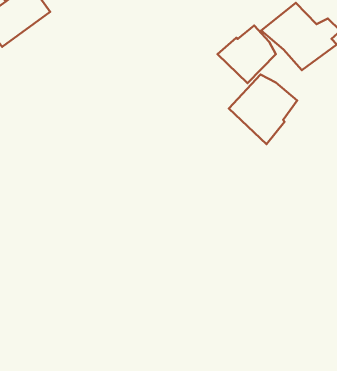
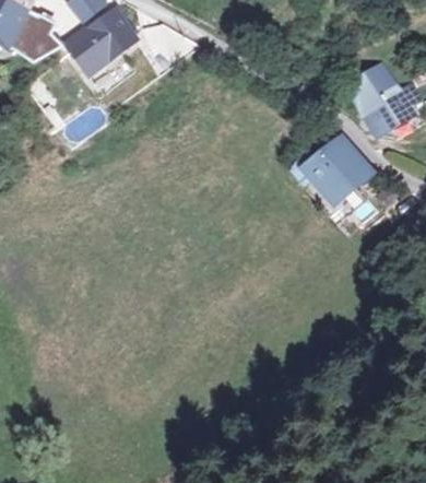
building: [218,26,276,83] -> none

